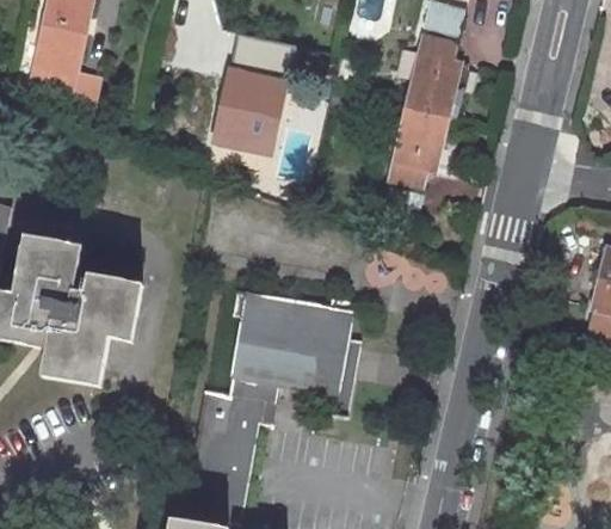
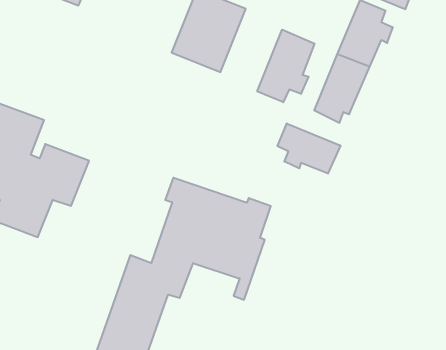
building: none -> [257,30,314,102]
building: none -> [277,123,340,174]

